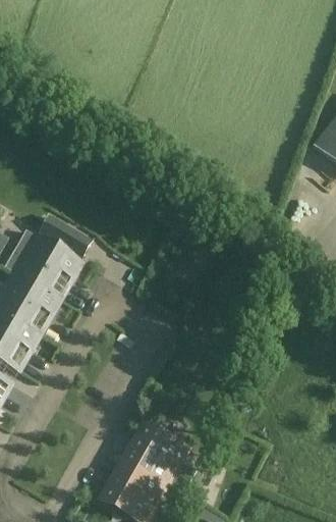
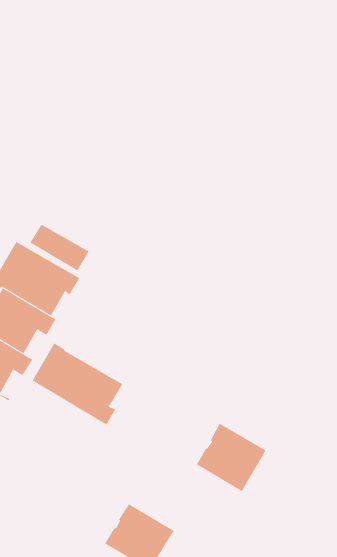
building: none -> [32,342,129,426]
building: [125,426,187,487] -> [196,423,266,492]

